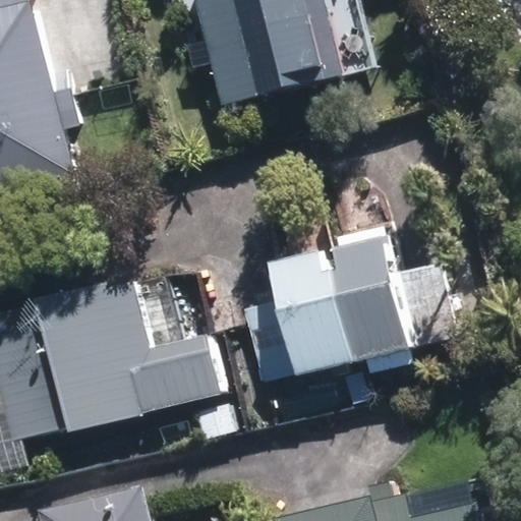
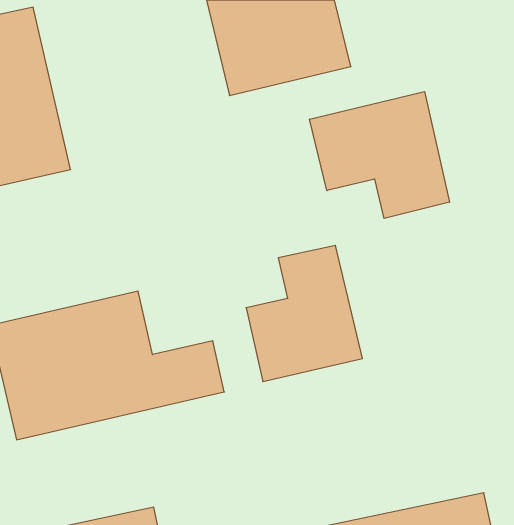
building: none -> [310,92,449,218]
building: [329,232,454,357] -> none

